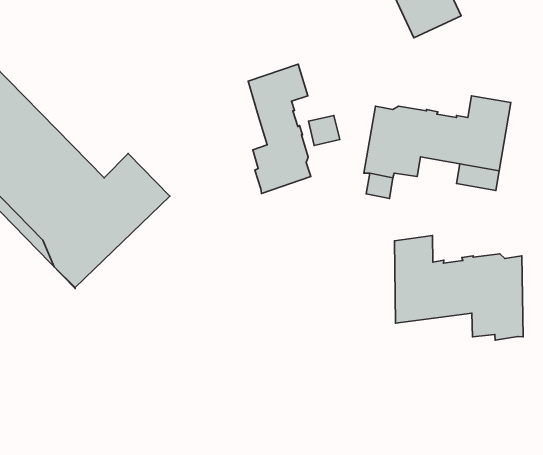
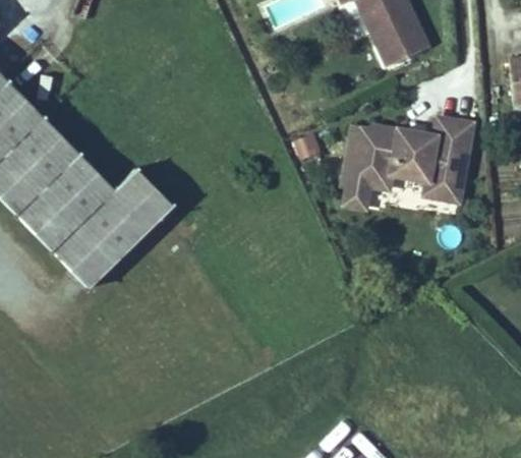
building: [248,64,311,194] -> none
building: [394,236,523,340] -> none

